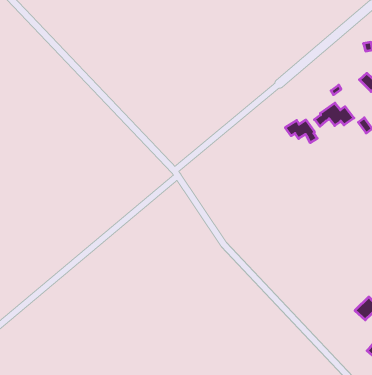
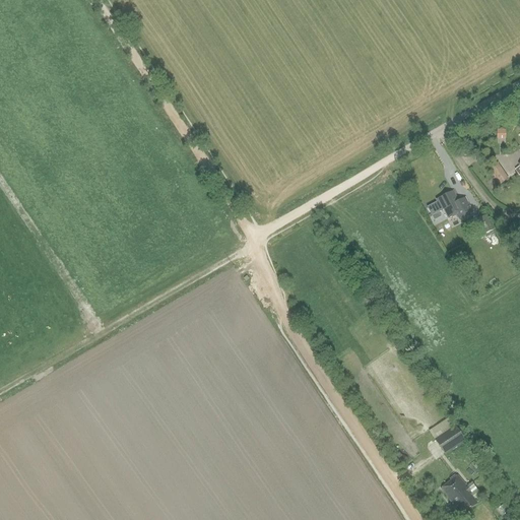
building: [285,120,317,143] -> none

